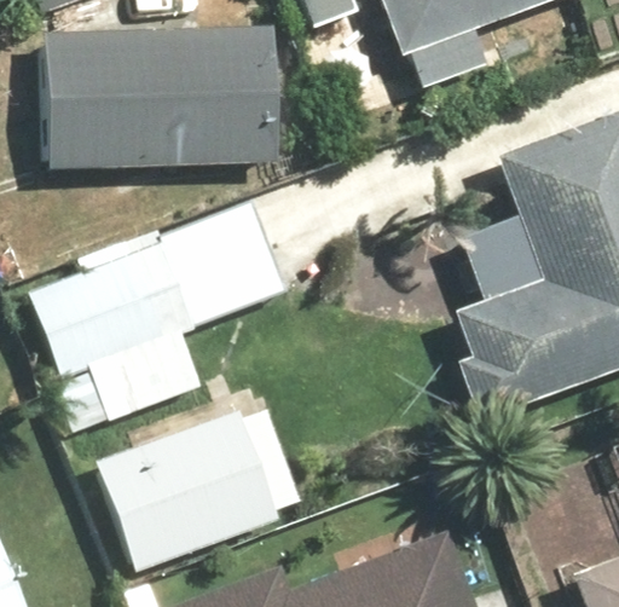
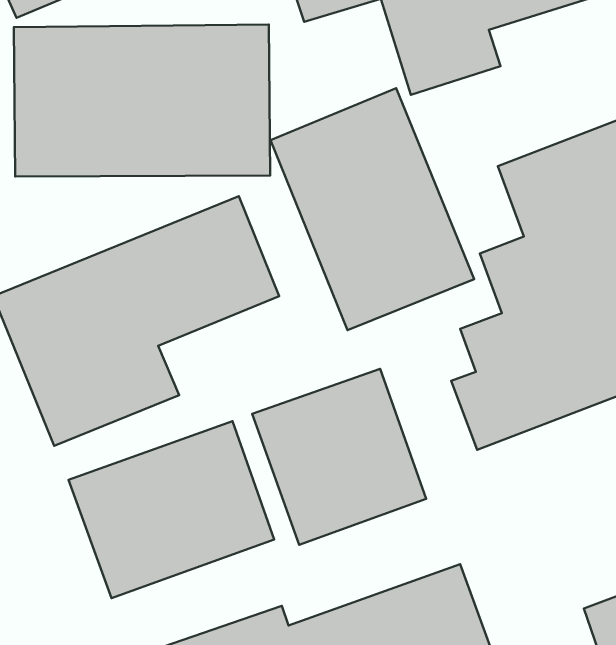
building: none -> [271,88,474,330]
building: none -> [252,369,426,545]

